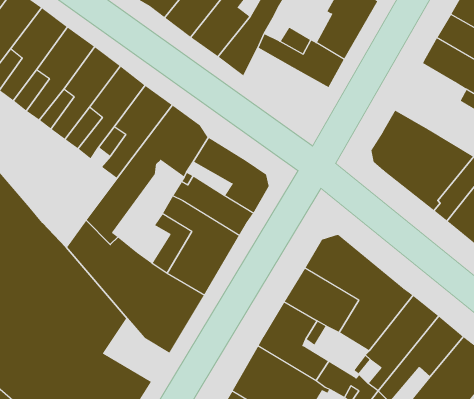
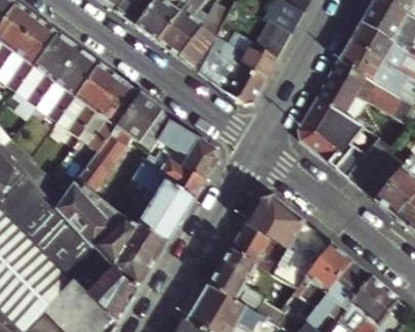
building: none -> [198,47,265,102]
building: none -> [318,59,366,112]
building: none -> [87,261,139,312]

